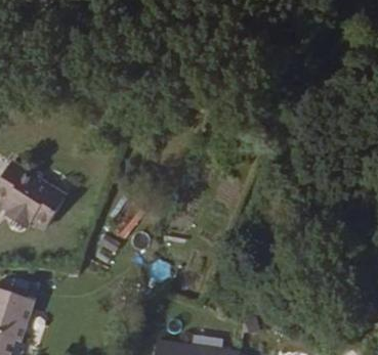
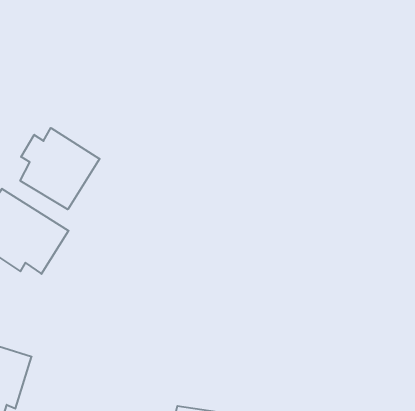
building: none -> [20,128,100,209]

